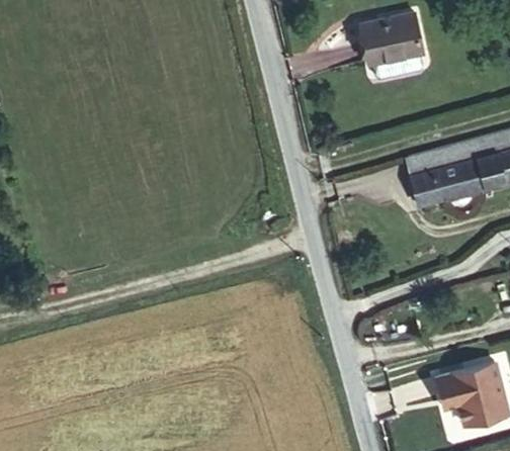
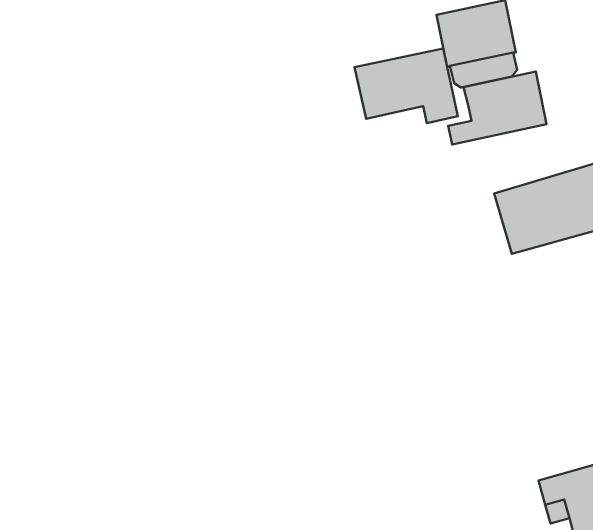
building: none -> [355,49,458,123]
building: none -> [448,71,546,144]

